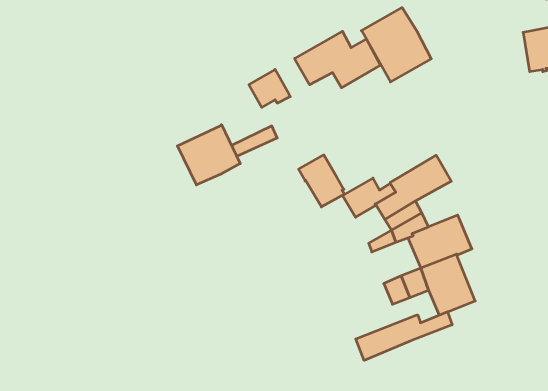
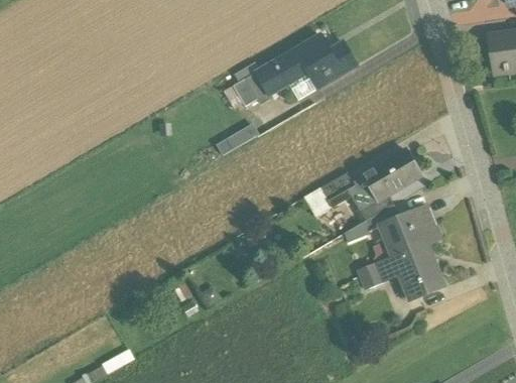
building: [361,8,431,82] -> none
building: none -> [257,60,288,94]
building: [177,125,240,185] -> none
building: [299,155,345,207] -> none
building: [356,312,452,360] -> none

